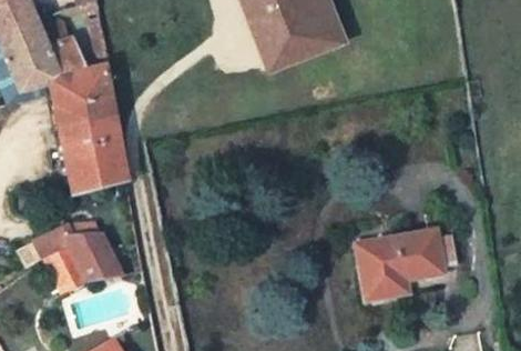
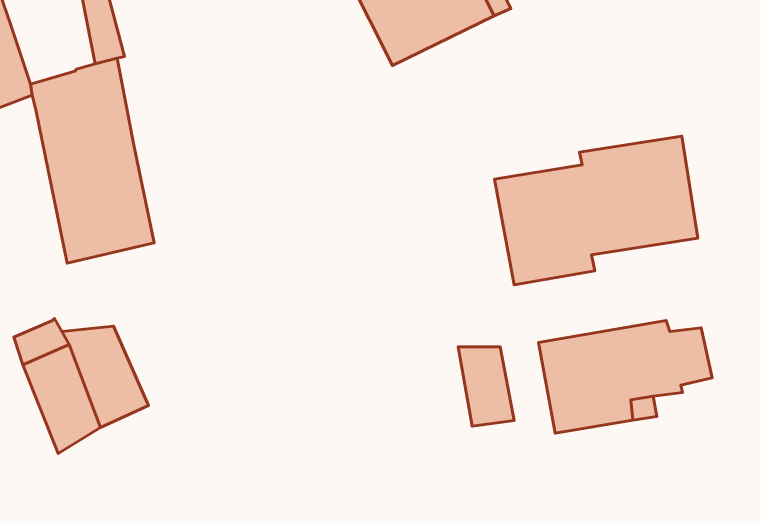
building: [42,37,82,81] -> none
building: none -> [495,136,698,285]
building: none -> [458,347,514,426]

